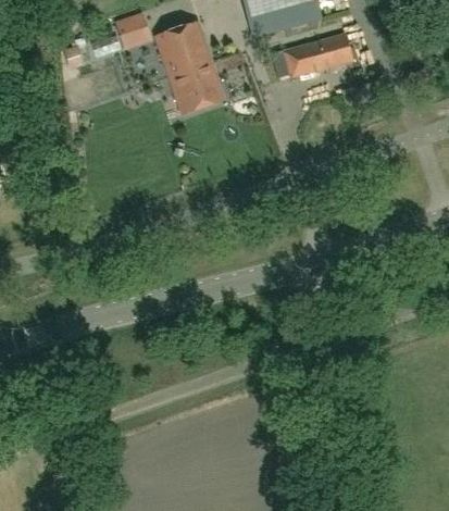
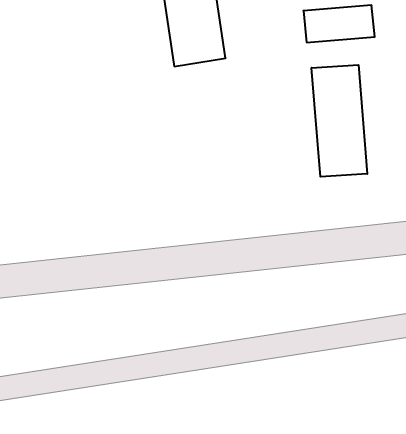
building: none -> [312,65,367,177]

